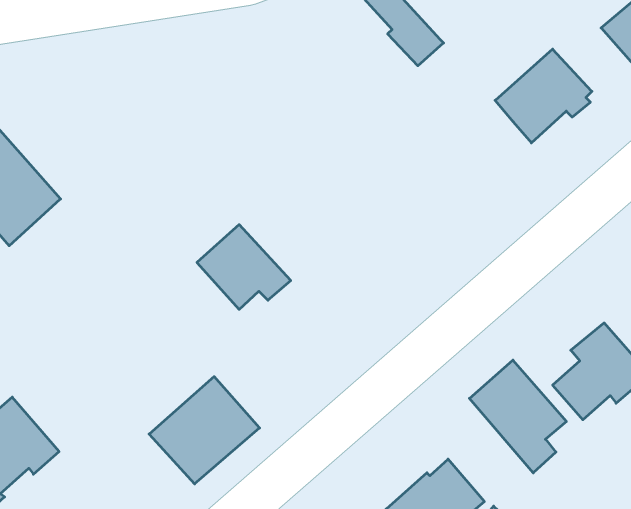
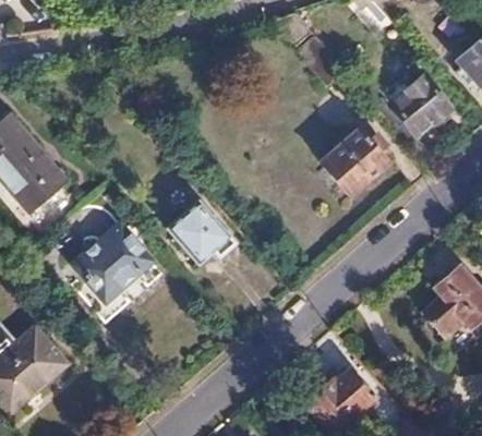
building: none -> [321,128,389,195]
building: [469,360,566,473] -> none
building: [149,377,260,484] -> [73,222,153,300]

